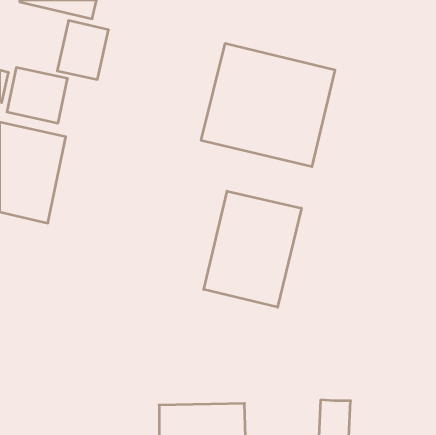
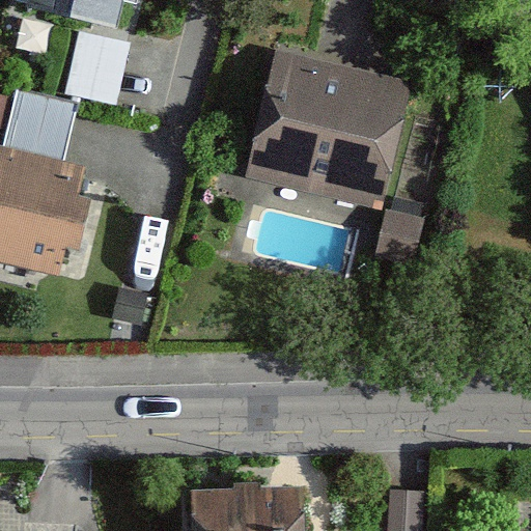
building: [204,191,301,307] -> none

